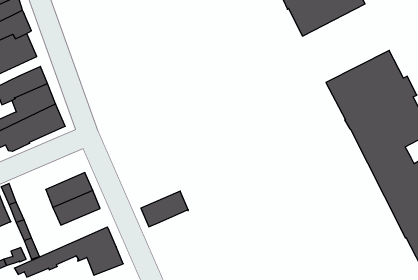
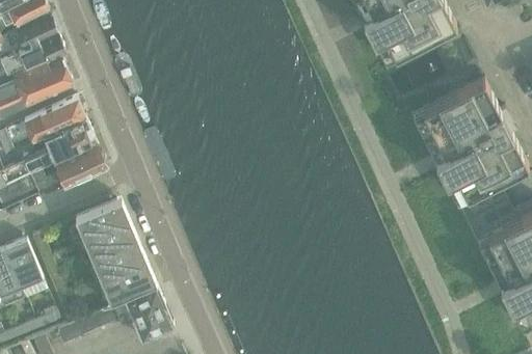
building: none -> [75,200,130,241]
building: [141,191,188,227] -> [102,263,157,304]

